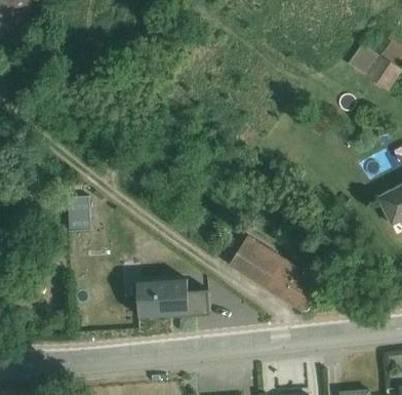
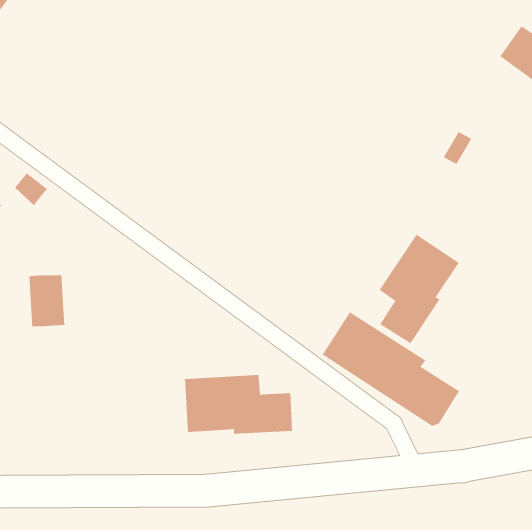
building: none -> [379,234,460,344]
building: [67,196,91,231] -> [28,275,65,327]

